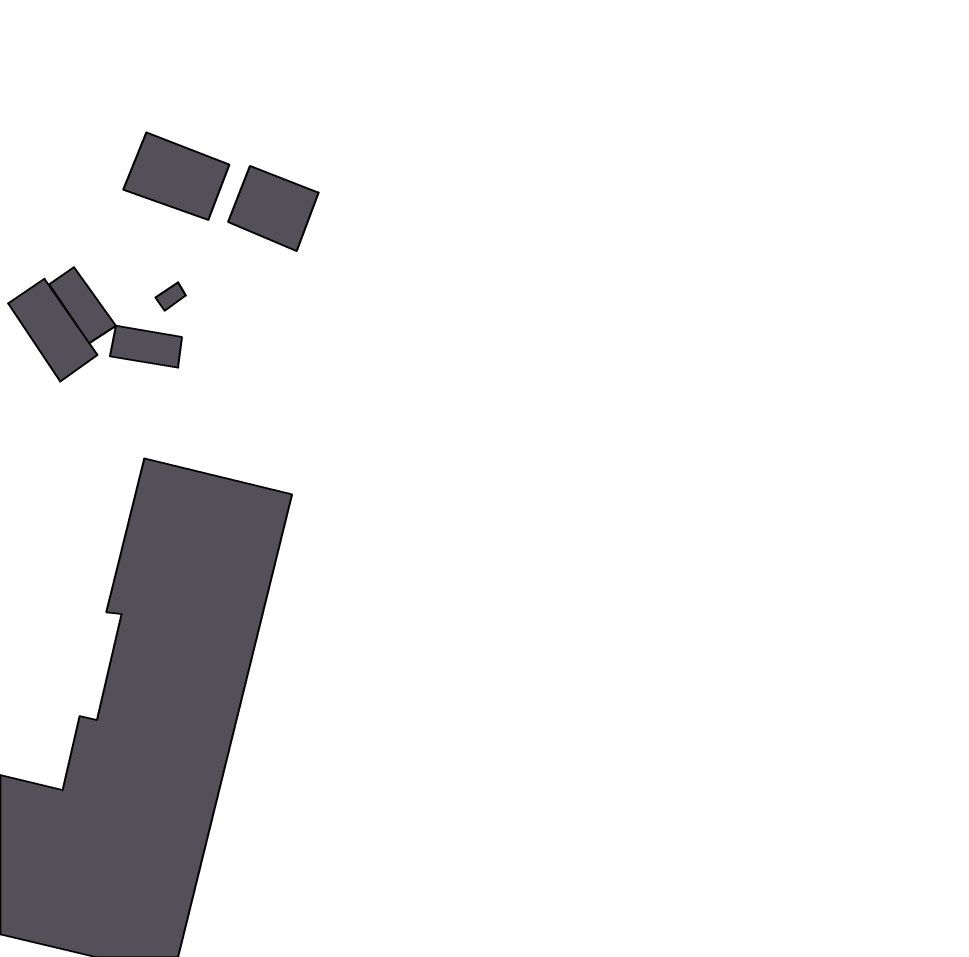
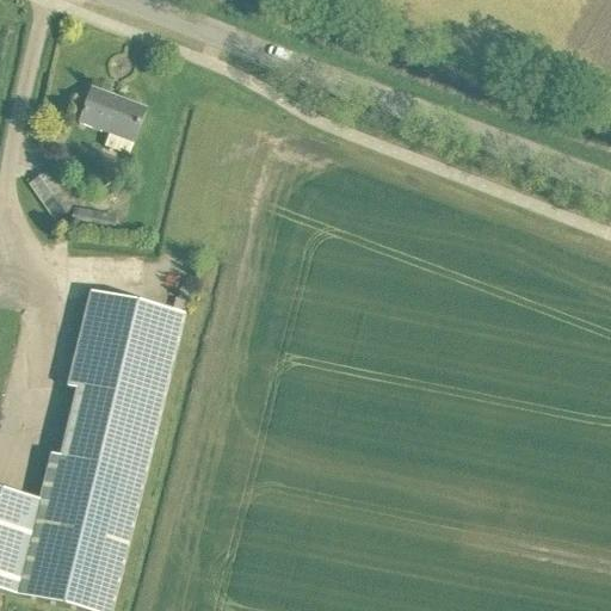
building: [228,166,319,251] -> none
building: [8,279,97,382] -> none

